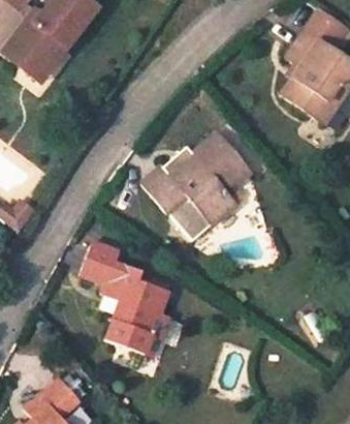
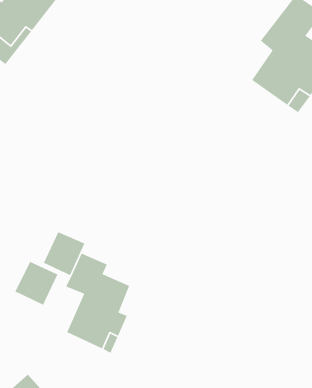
building: [140,133,251,237] -> none
building: none -> [14,261,58,306]

